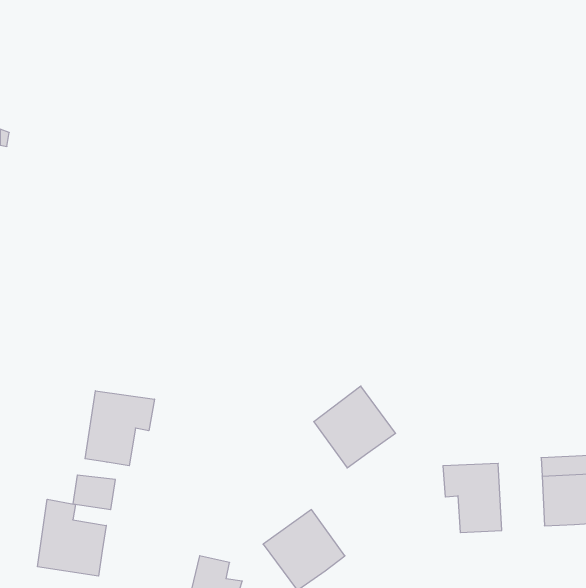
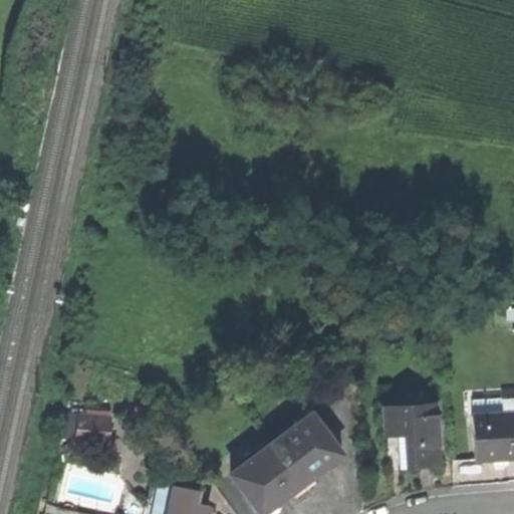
building: [314,386,396,468] -> [274,414,345,485]
building: [85,391,154,466] -> none
building: [38,499,106,576] -> none

